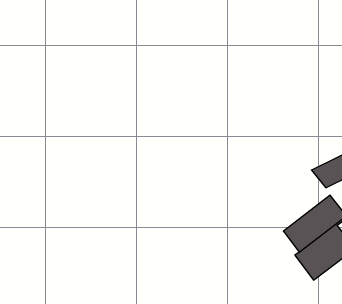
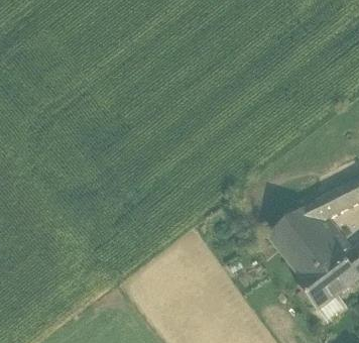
building: none -> [268,199,333,258]

